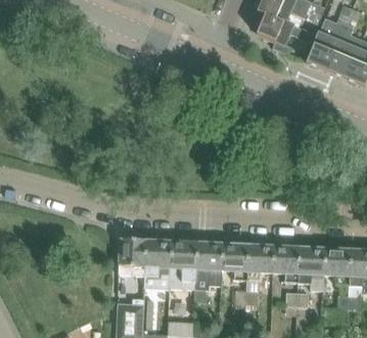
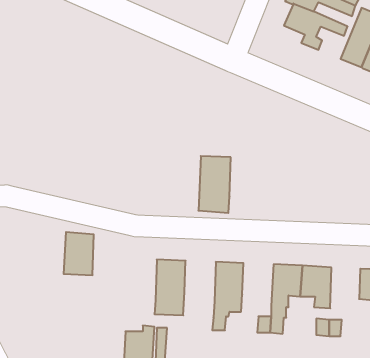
building: [118,237,144,274] -> [64,232,94,275]
building: [168,240,196,290] -> [198,156,231,213]
building: [220,242,247,280] -> none
building: [297,246,324,290] -> none

